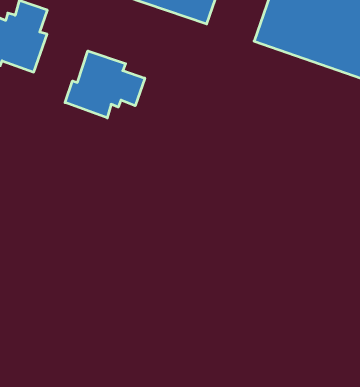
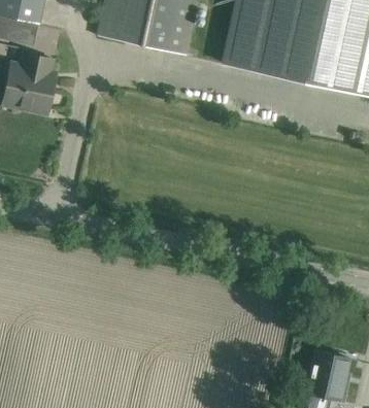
building: [65,51,145,118] -> none

